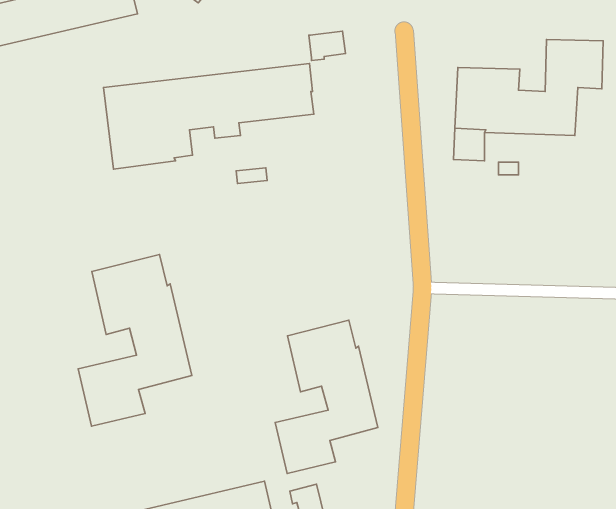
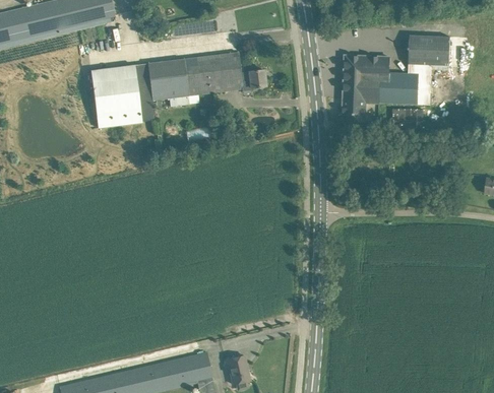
building: [309,31,345,61] -> [239,69,265,90]
building: [78,254,192,426] -> none
building: [275,320,378,473] -> none

